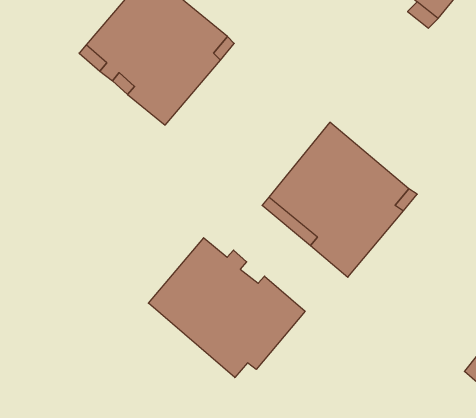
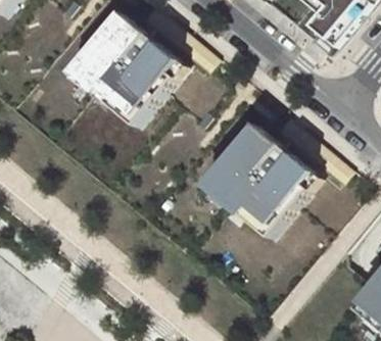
building: [148,238,305,378] -> none

